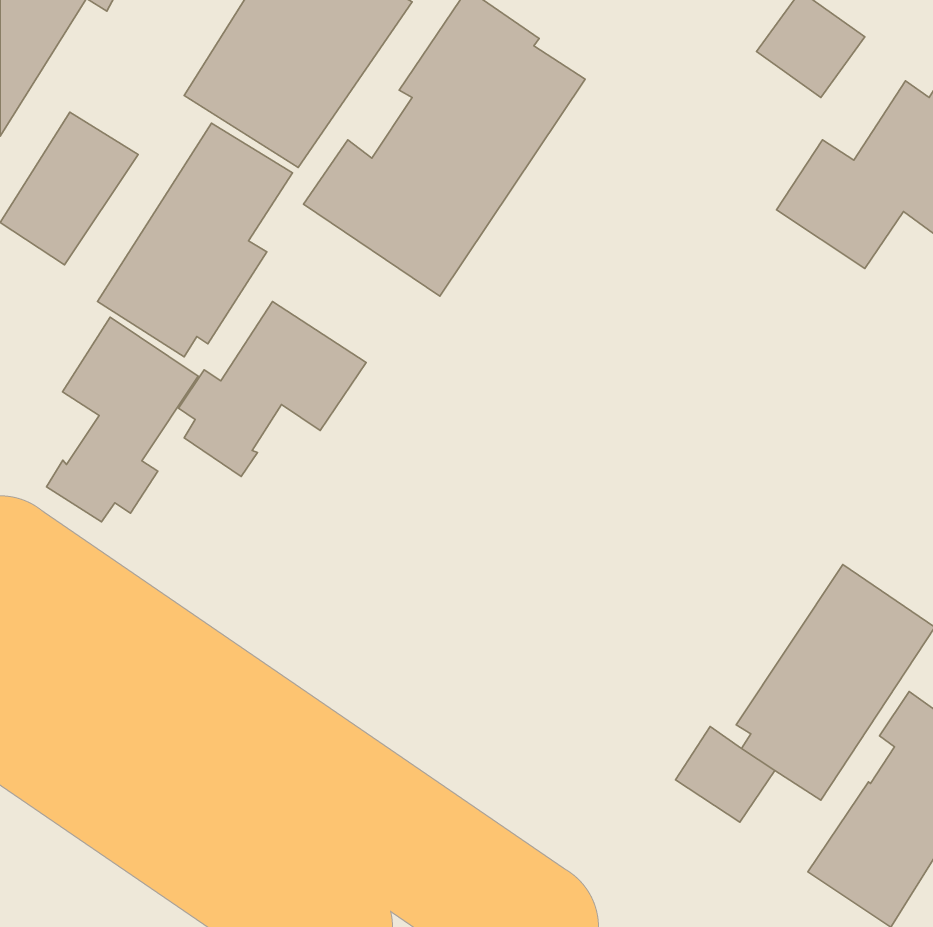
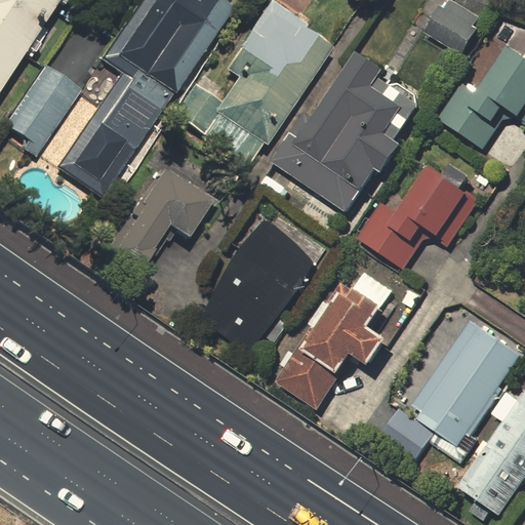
building: none -> [269,52,416,217]
building: none -> [363,158,482,256]
building: [46,317,198,522] -> none
building: none -> [201,199,329,350]
building: none -> [278,270,394,408]

